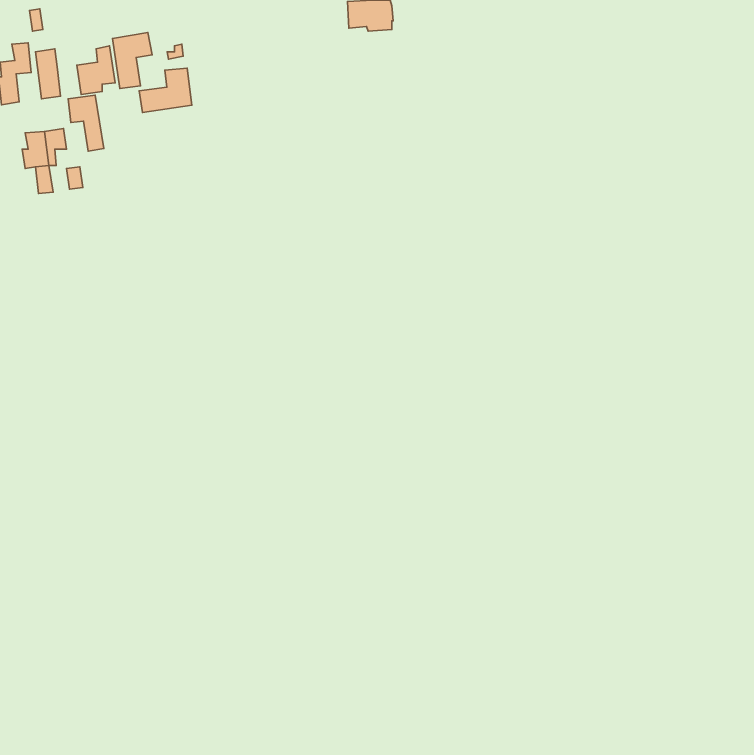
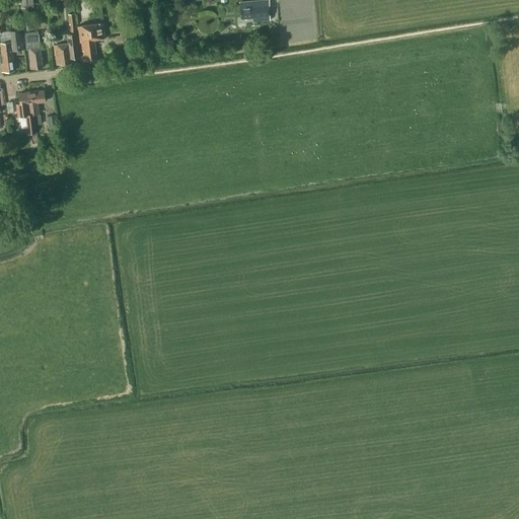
building: [139,68,192,113] -> none
building: [68,95,104,151] -> none

